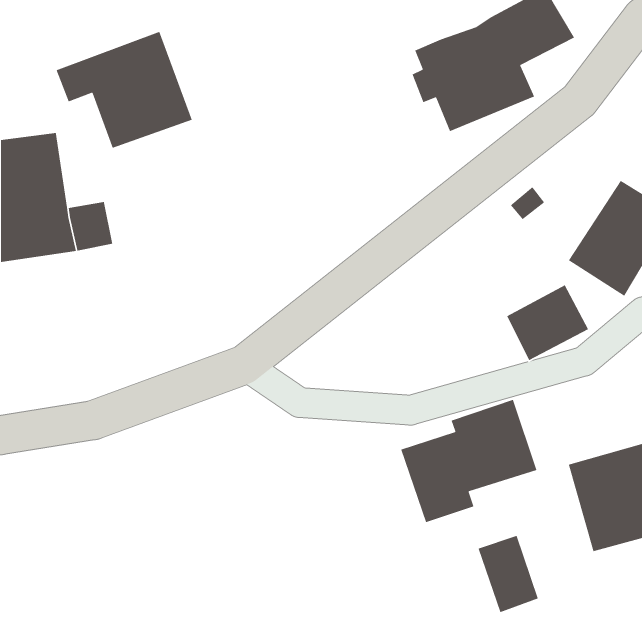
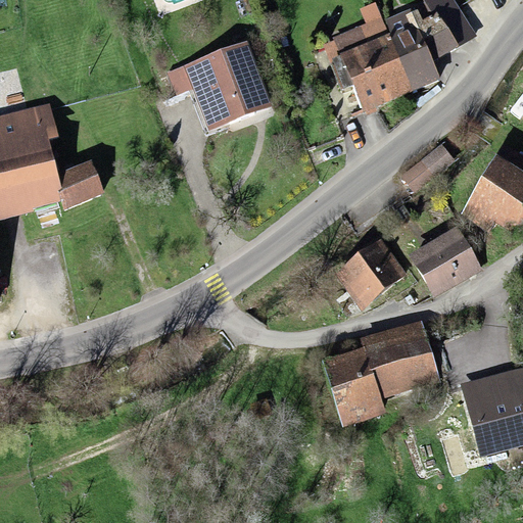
building: [55,31,193,149] -> [156,34,268,130]
building: none -> [337,242,408,311]
building: [477,535,539,613] -> none

